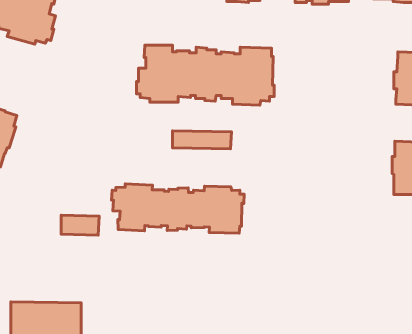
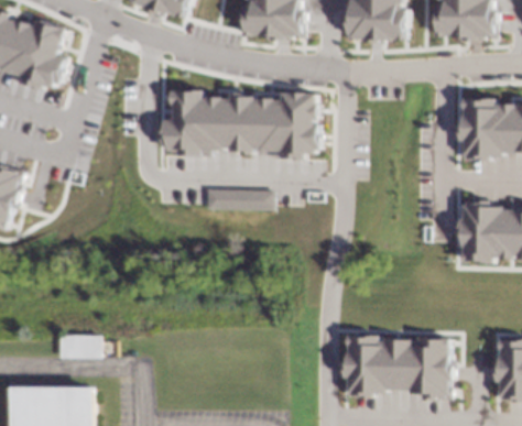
building: [112,184,244,233] -> none
building: [61,215,99,235] -> [58,331,102,354]
building: none -> [339,334,450,398]

